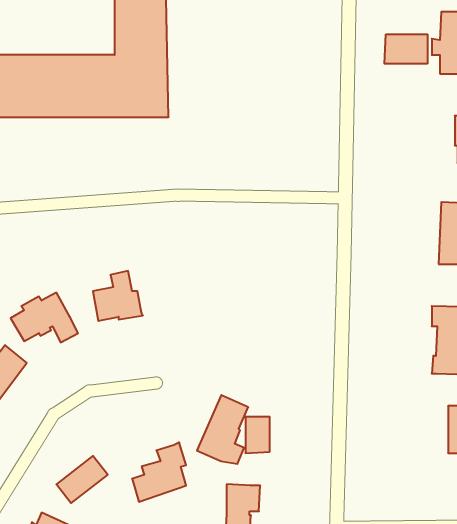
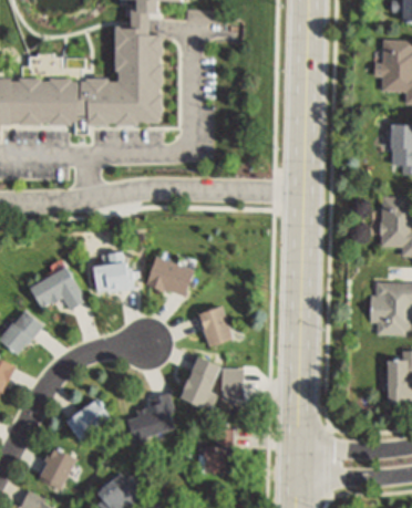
building: [384,34,427,64] -> none
building: none -> [147,257,196,297]
building: none -> [198,309,231,349]

